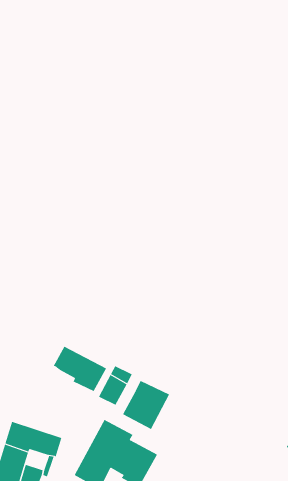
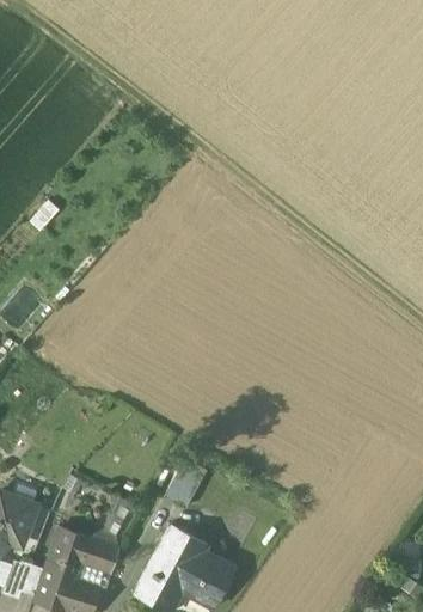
building: [53,346,107,392] -> none
building: [123,380,170,430] -> none

